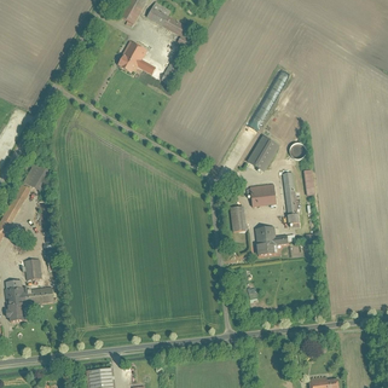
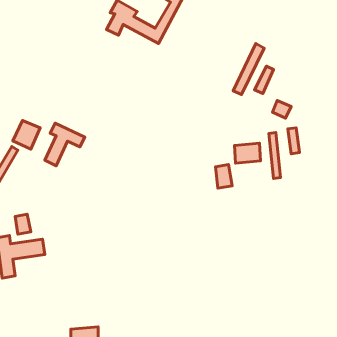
building: [247,135,279,172] -> none
building: none -> [45,123,85,166]
building: [254,226,286,254] -> none

